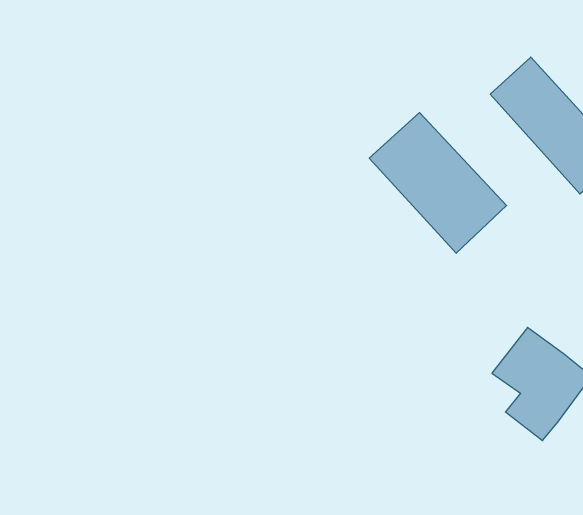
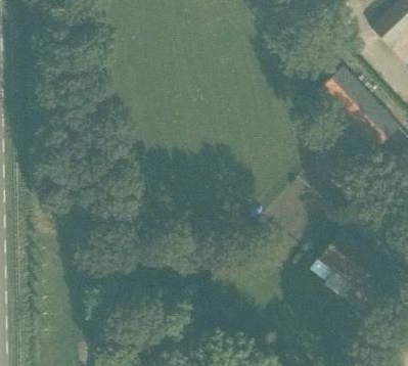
building: [369,113,507,253] -> none

